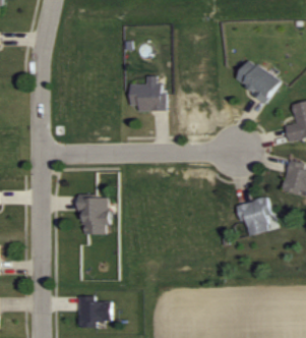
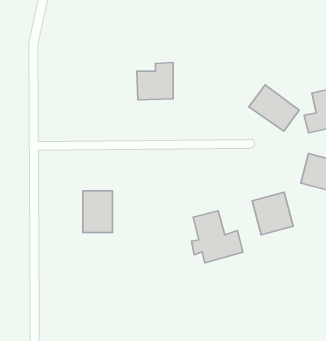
building: [234,59,281,102] -> [249,85,299,131]
building: none -> [191,211,243,263]
building: [77,297,111,326] -> none

